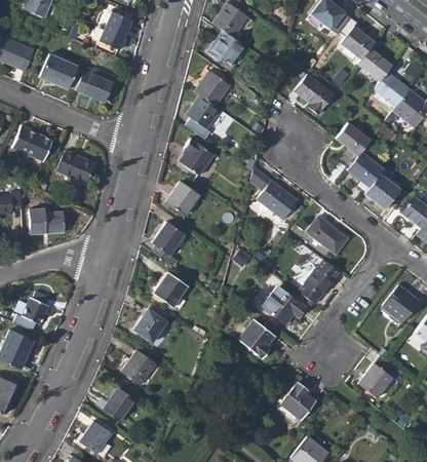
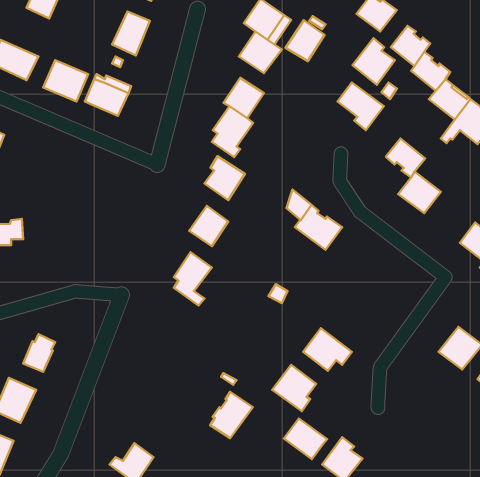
building: none -> [286,20,324,61]
building: none -> [352,38,395,85]
building: [11,126,52,161] -> none
building: [55,151,94,184] -> none
building: [364,164,400,208] -> none
building: [29,209,63,235] -> none
building: [306,215,348,255] -> none
building: [298,259,340,304] -> none
building: [153,271,188,307] -> none
building: [134,302,171,342] -> [210,392,253,438]
building: [121,349,156,385] -> none
building: [358,362,401,396] -> none
building: none -> [284,418,327,459]

